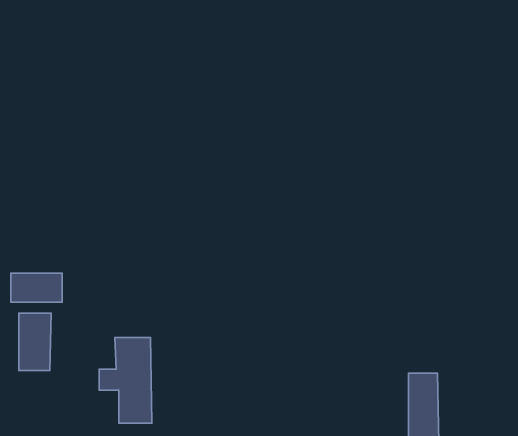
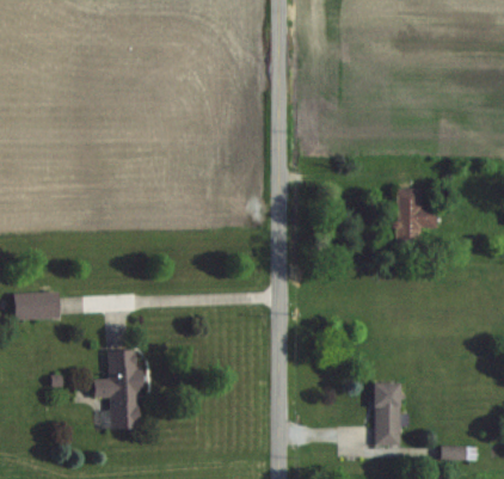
building: none -> [397,186,438,245]
building: [19,313,51,370] -> none

